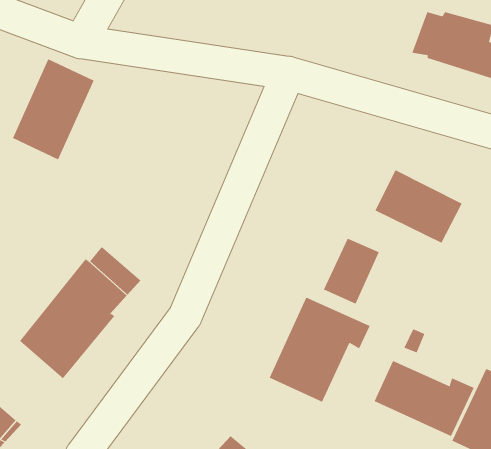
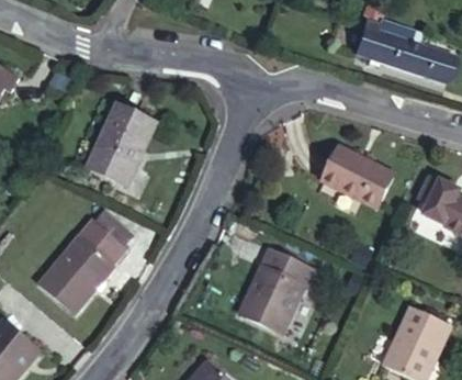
building: [12,59,94,160] -> [89,104,155,186]
building: [323,238,379,305] -> none
building: [374,360,474,437] -> none

